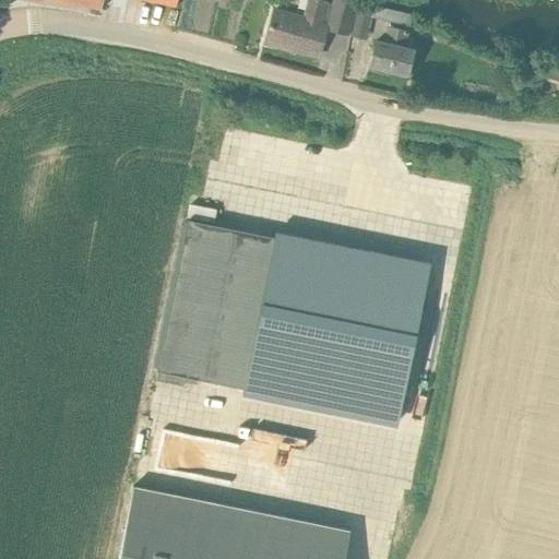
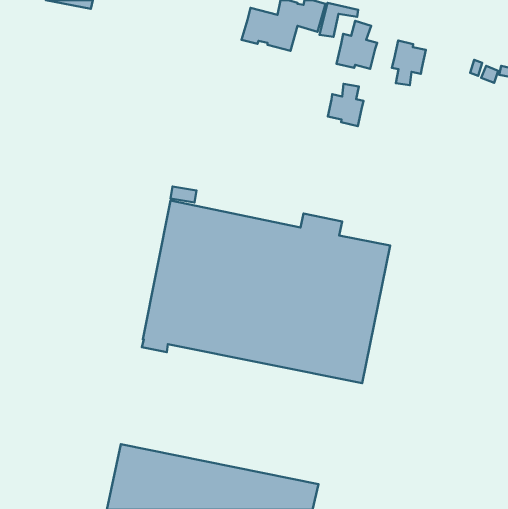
building: none -> [392,41,426,85]
building: none -> [328,84,364,126]

